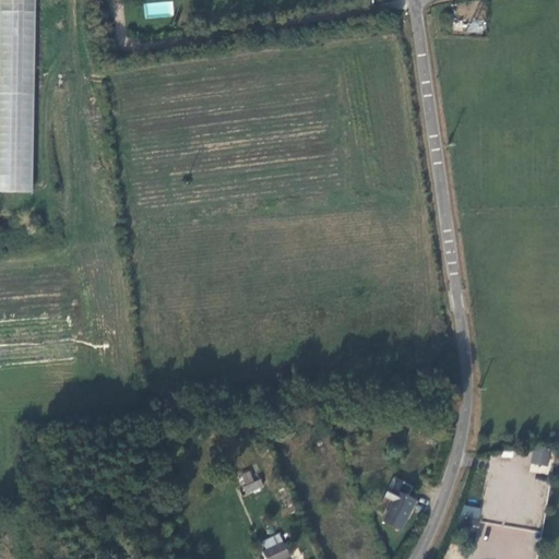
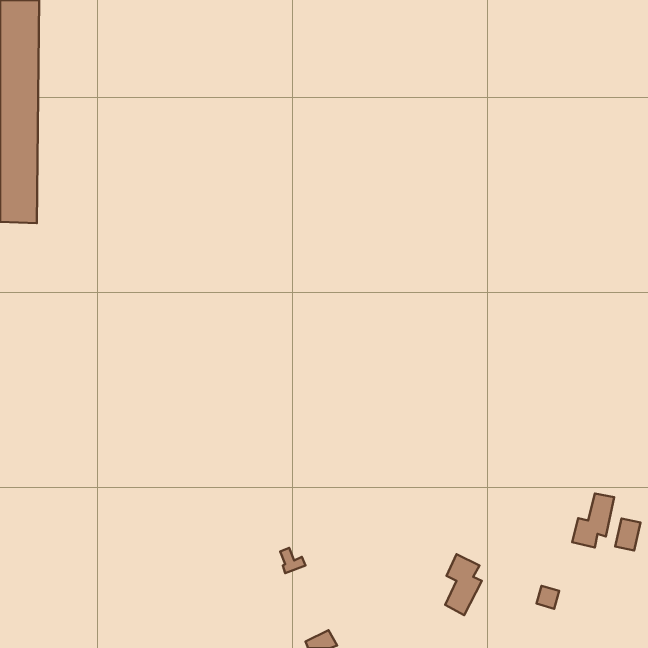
building: none -> [572,493,614,547]

